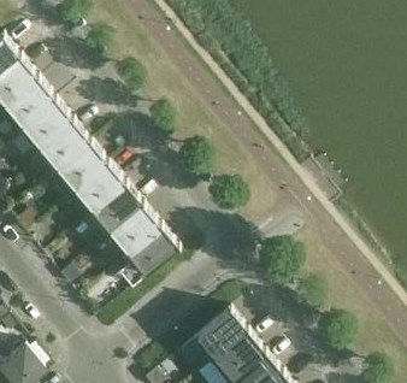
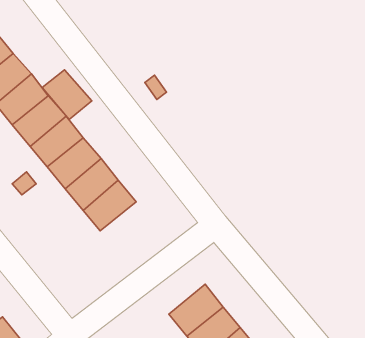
building: none -> [42,70,92,120]
building: [123,228,177,278] -> none

